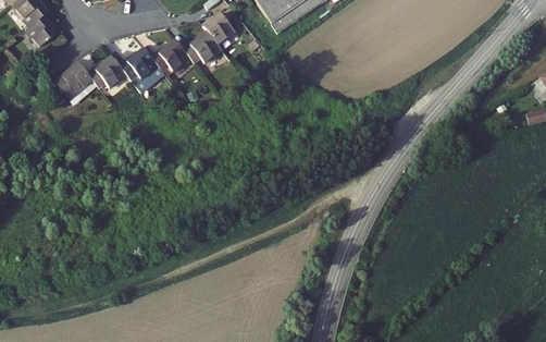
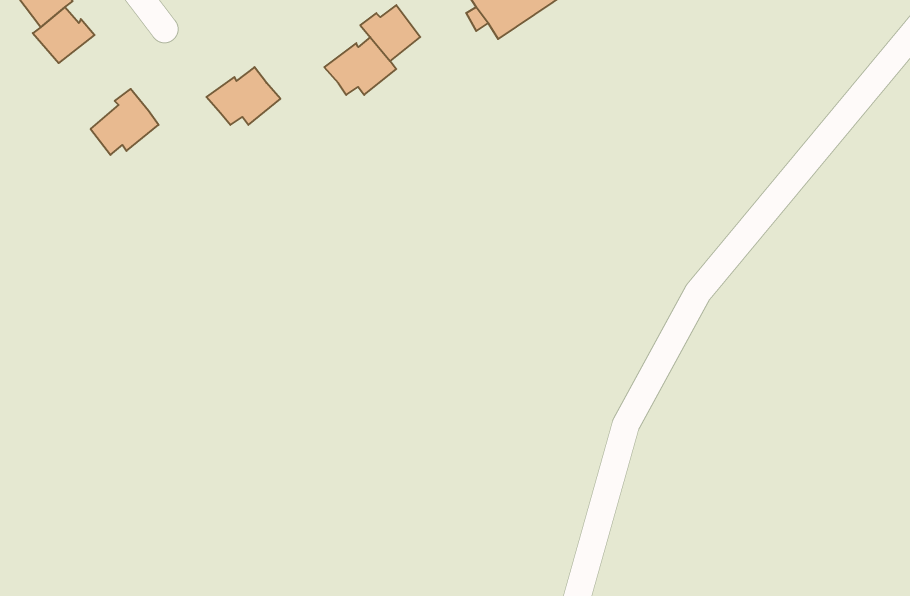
building: [151,39,190,71] -> none
building: [87,54,126,86] -> none

